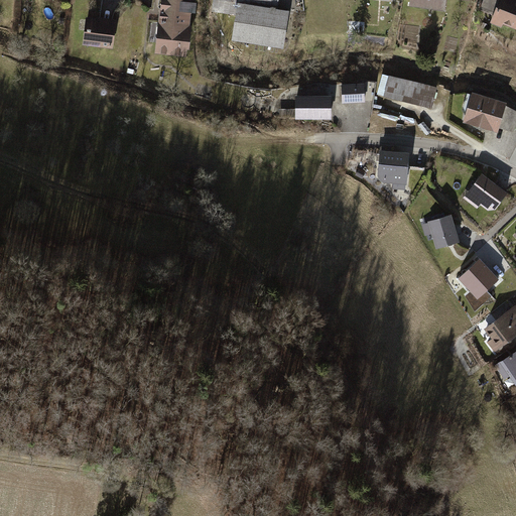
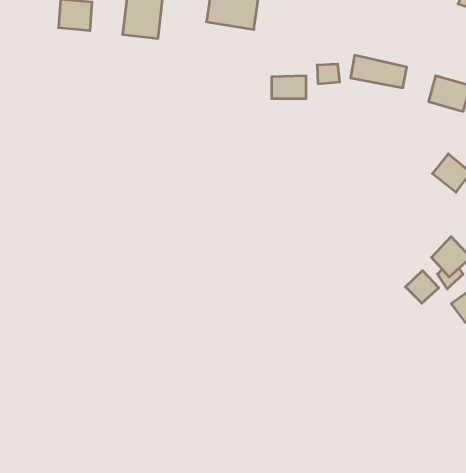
building: [377,151,408,189] -> none
building: [431,214,463,248] -> none
building: none -> [405,271,439,303]

